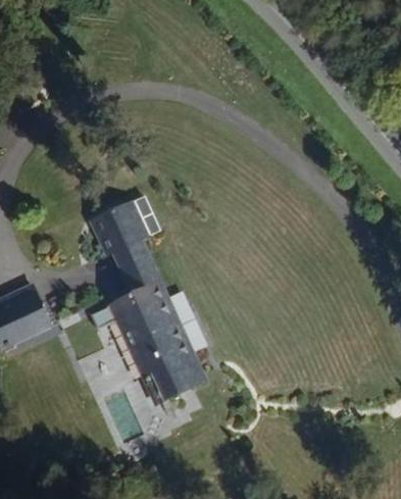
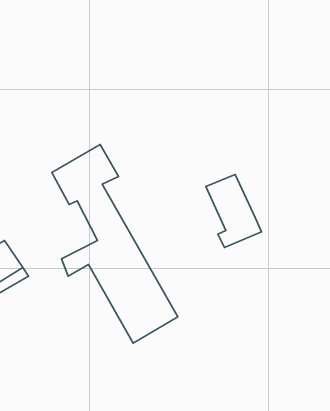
building: none -> [206,175,262,248]

